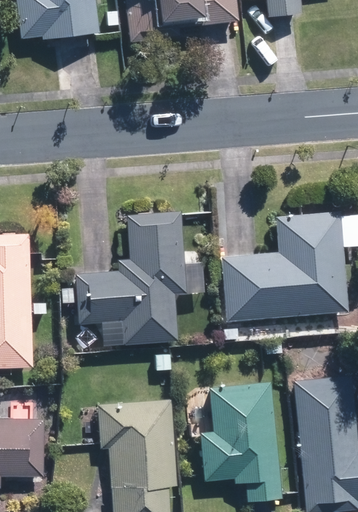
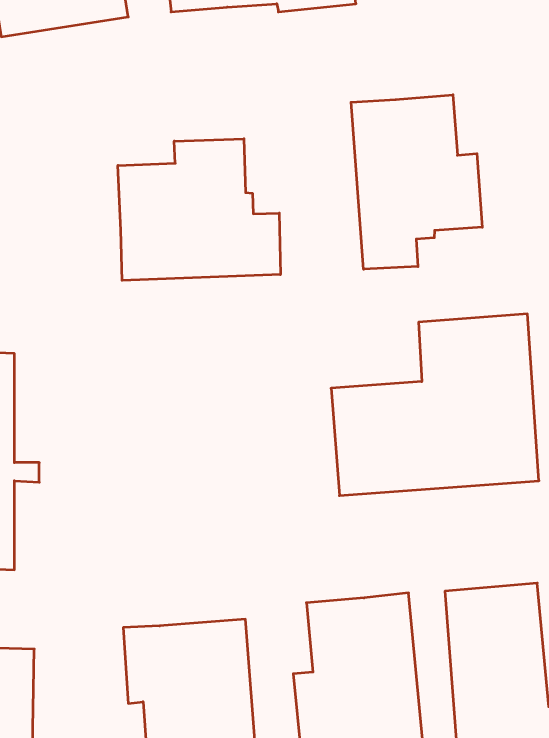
building: none -> [351,95,482,269]
building: none -> [118,139,280,280]
building: [59,212,187,343] -> none

